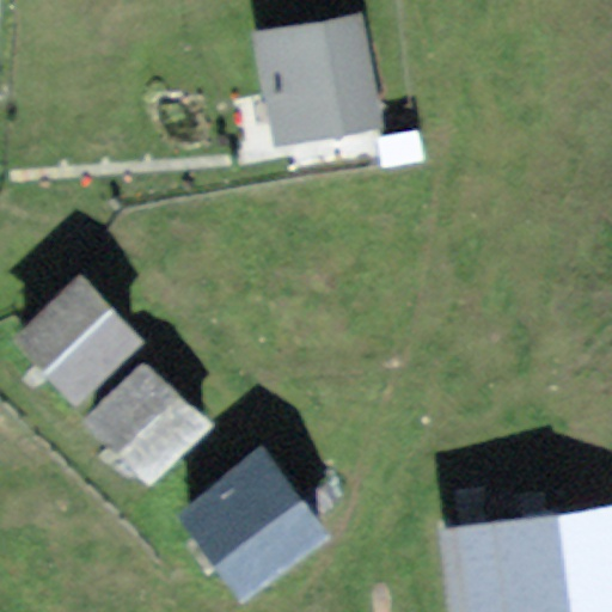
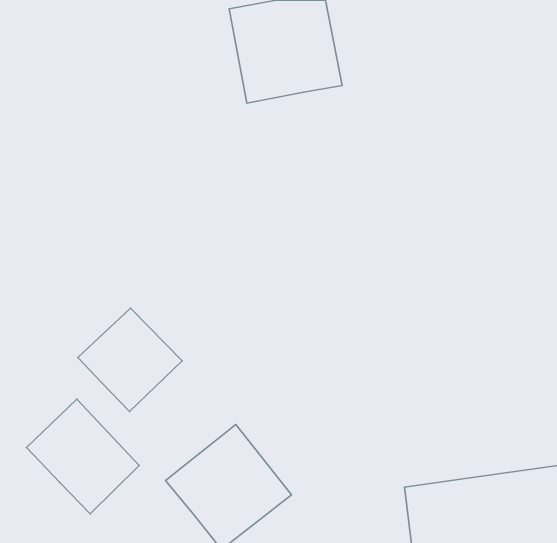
building: [19,271,134,385] -> none
building: none -> [27,399,139,514]

